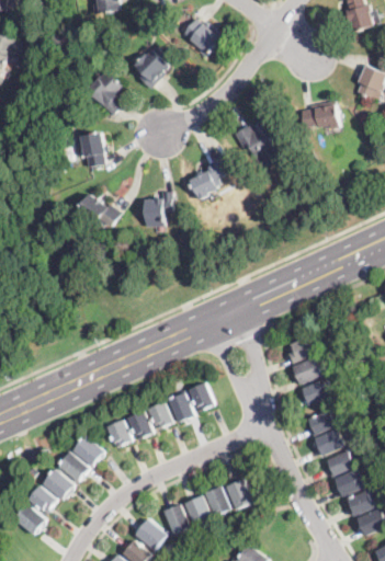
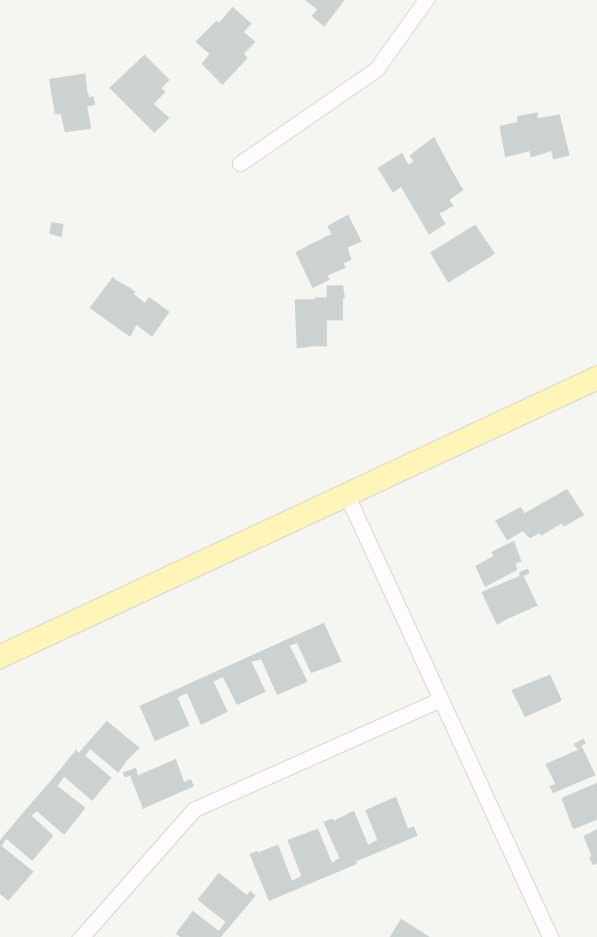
building: [80,133,106,165] -> [48,73,96,133]
building: none -> [429,224,496,284]
building: [144,192,172,227] -> [294,285,346,349]
building: none -> [494,488,585,542]
building: [301,378,331,405] -> none
building: [314,428,346,456] -> none
building: none -> [122,758,194,810]

